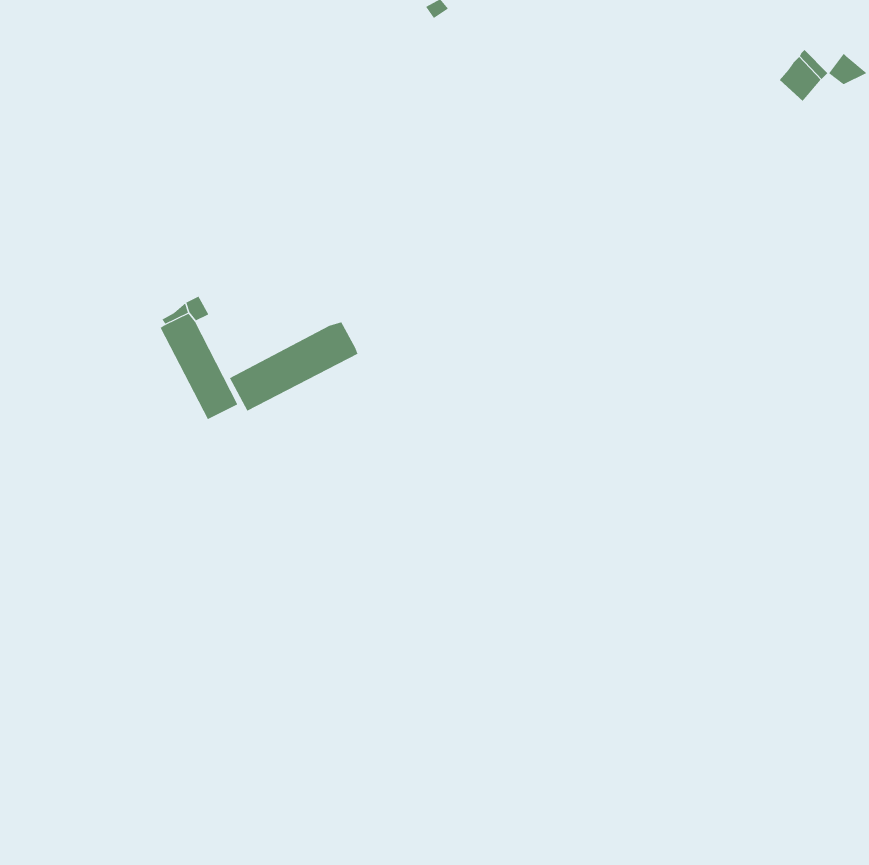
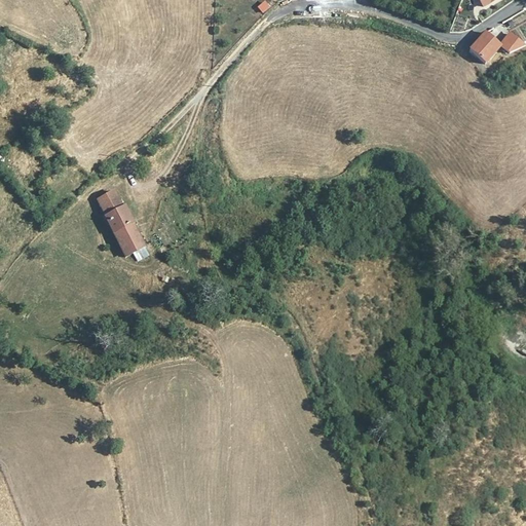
building: [229,321,358,412] -> none

